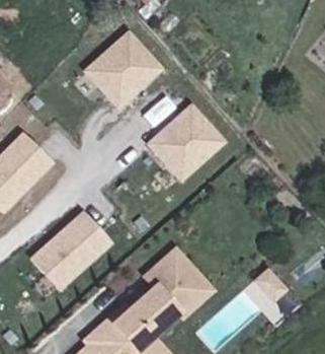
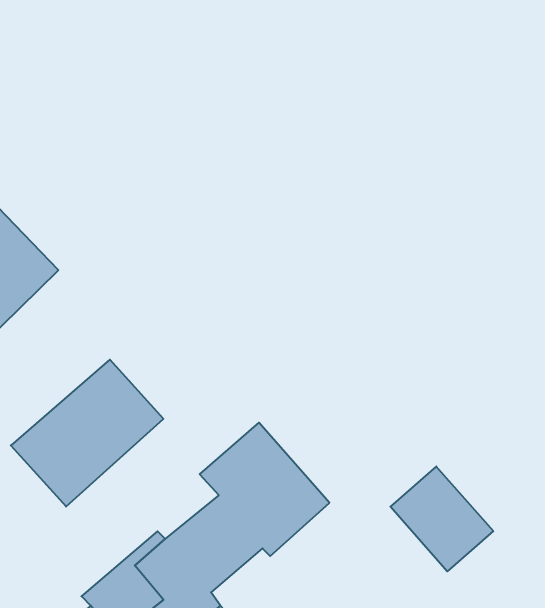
building: [83,29,166,112] -> none
building: [148,102,230,184] -> none

